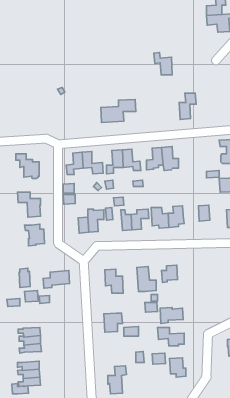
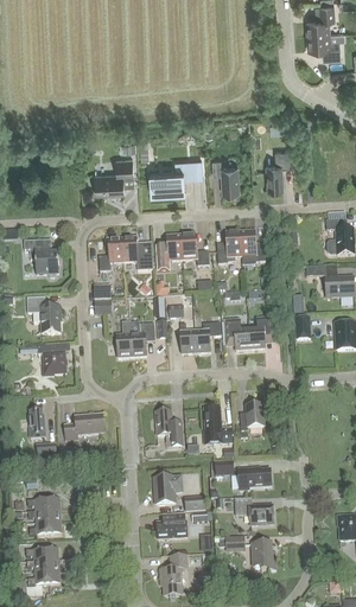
building: [154,52,172,75] -> [211,158,239,191]
building: none -> [94,158,133,193]
building: none -> [157,512,186,538]

